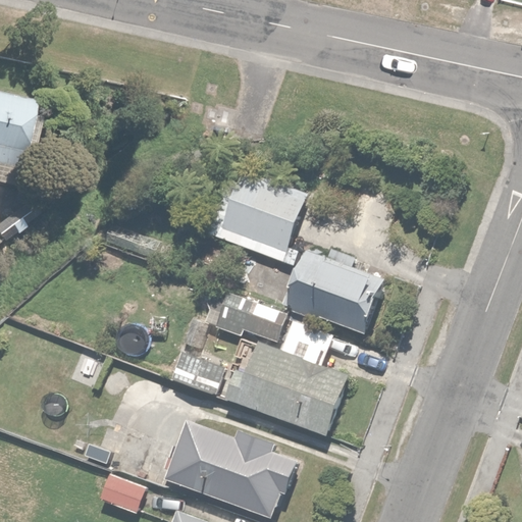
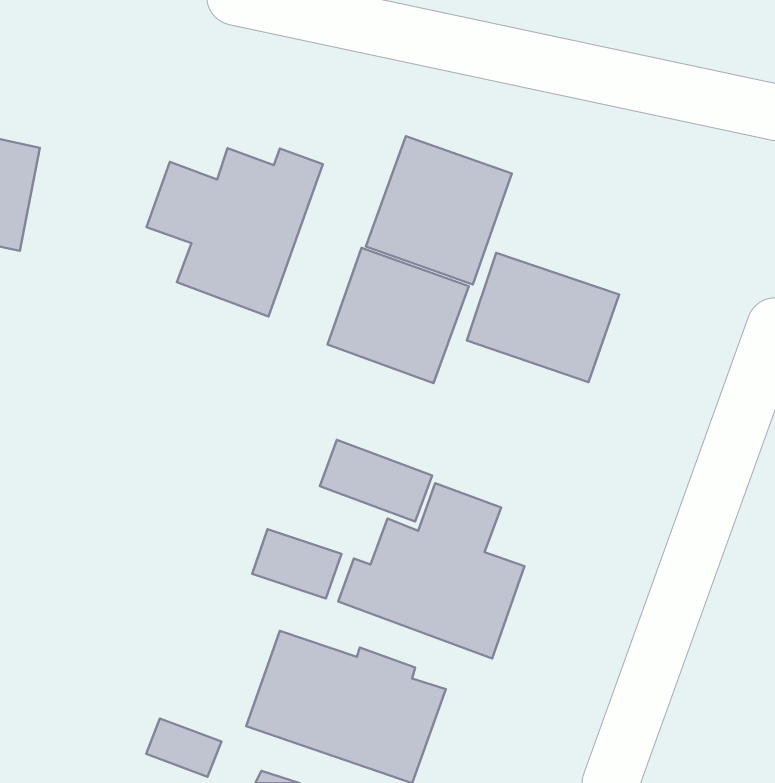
building: none -> [366,136,512,285]
building: none -> [146,148,323,317]
building: [285,252,386,337] -> [467,253,619,382]

